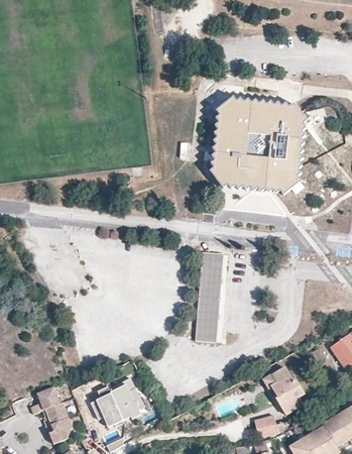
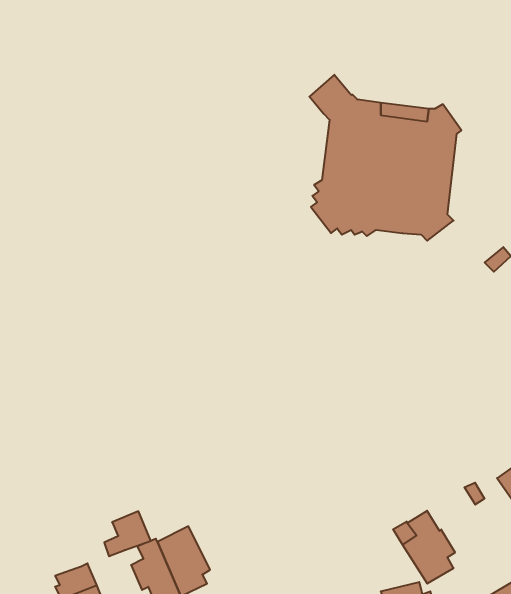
building: [194,252,227,341] -> none
building: [29,384,60,414] -> [104,511,151,556]

